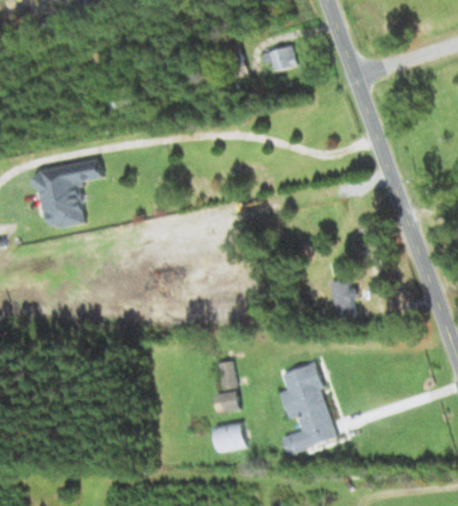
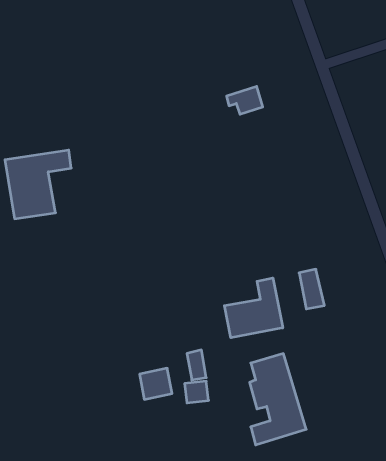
building: [261,44,297,72] -> [227,86,263,114]
building: none -> [224,278,283,338]
building: [213,421,245,452] -> [140,368,172,399]

